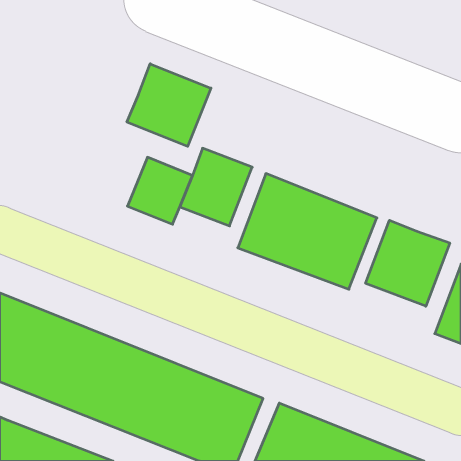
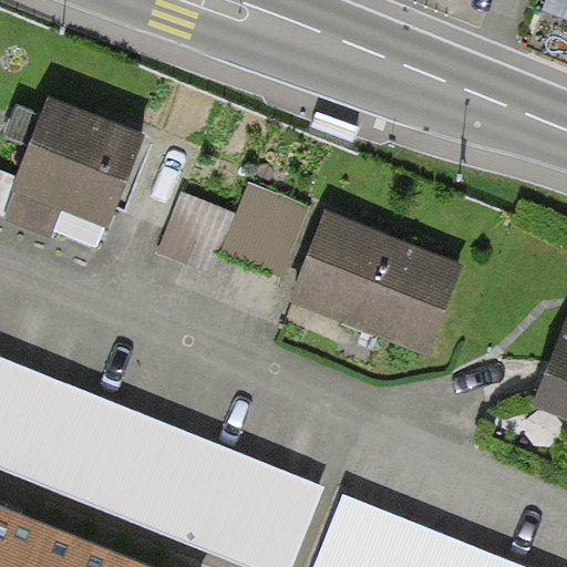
building: [127,64,211,146] -> none
building: none -> [4,100,146,239]
building: [366,220,450,306] -> none

